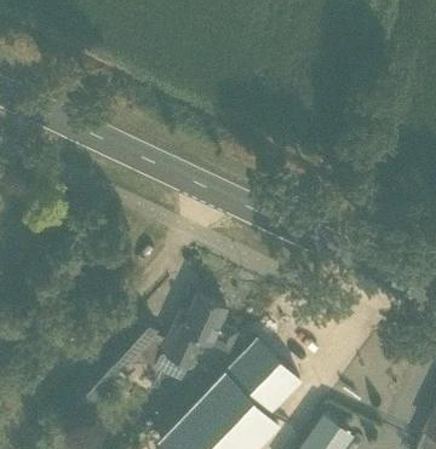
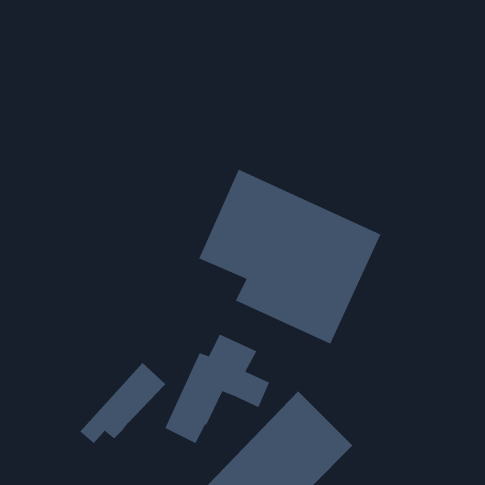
building: none -> [198,169,381,344]

